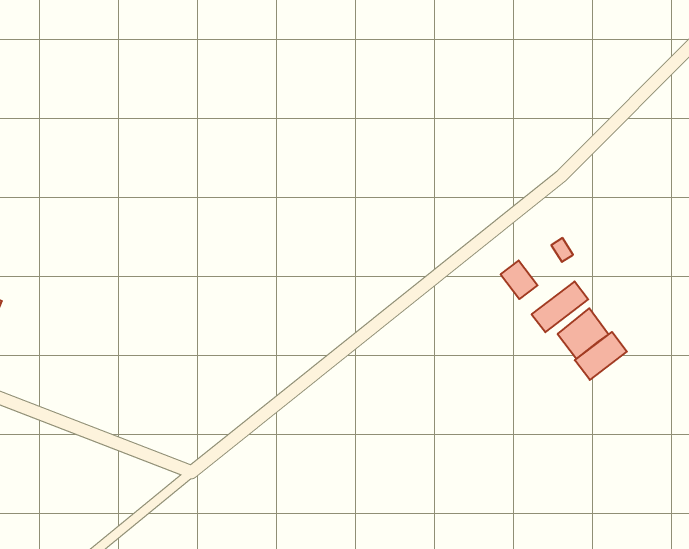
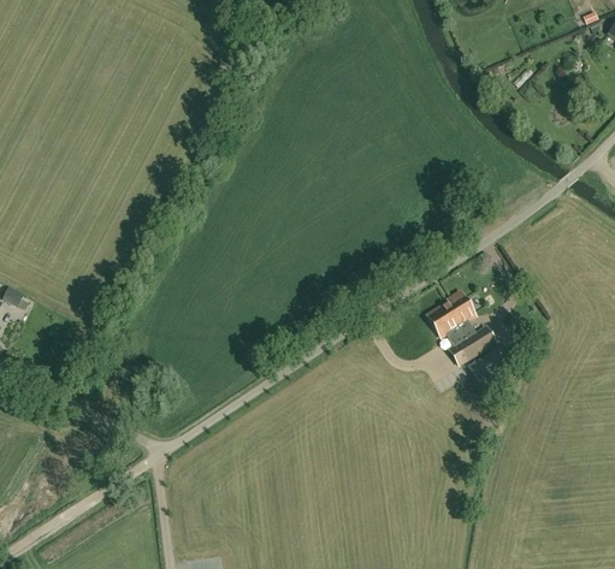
building: none -> [445,290,477,326]
building: [575,332,627,380] -> none

